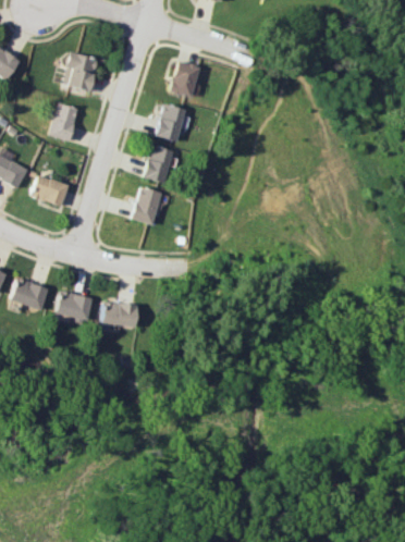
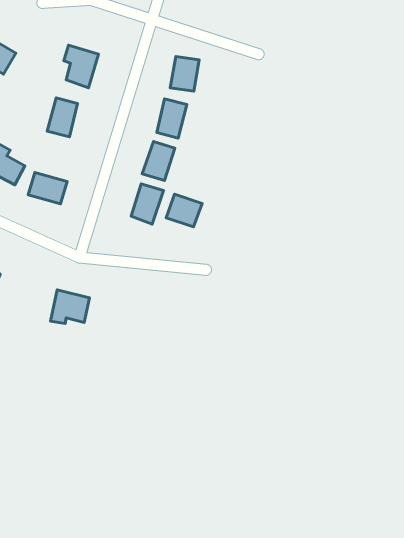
building: none -> [166,194,202,227]
building: [10,279,48,311] -> none
building: [102,303,137,327] -> none

